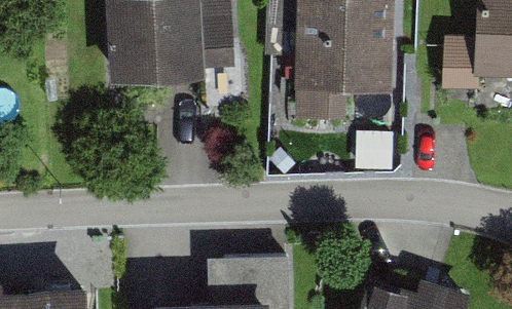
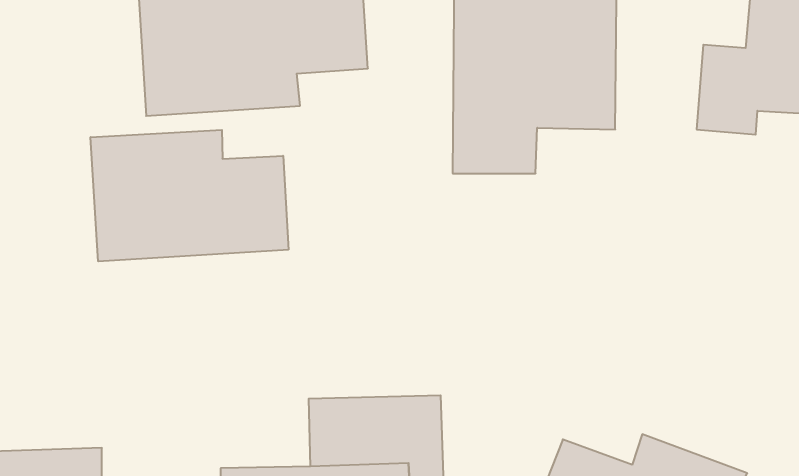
building: none -> [91,130,288,261]

